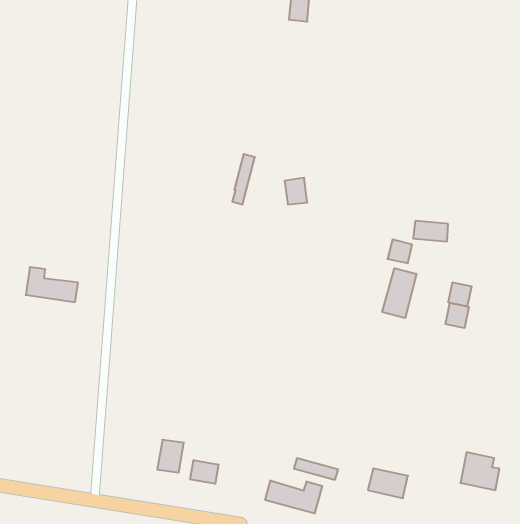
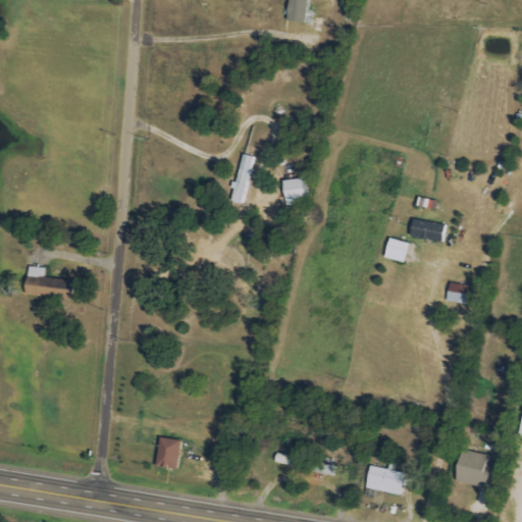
building: [382,268,416,318] -> none
building: [445,303,469,328] -> none
building: [190,460,219,484] -> none
building: [265,480,322,514] -> none

